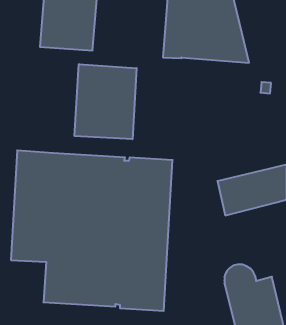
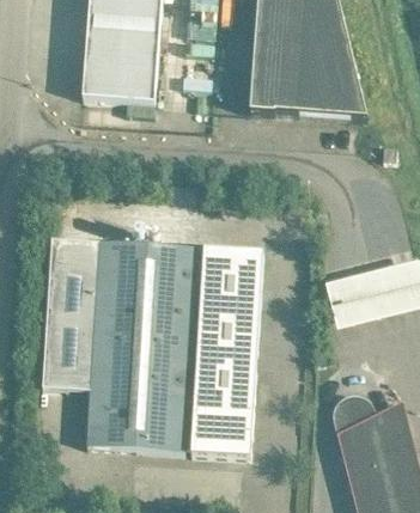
building: [75,64,137,139] -> none

